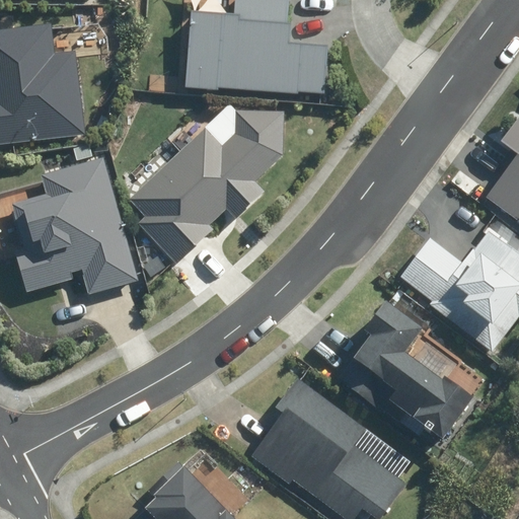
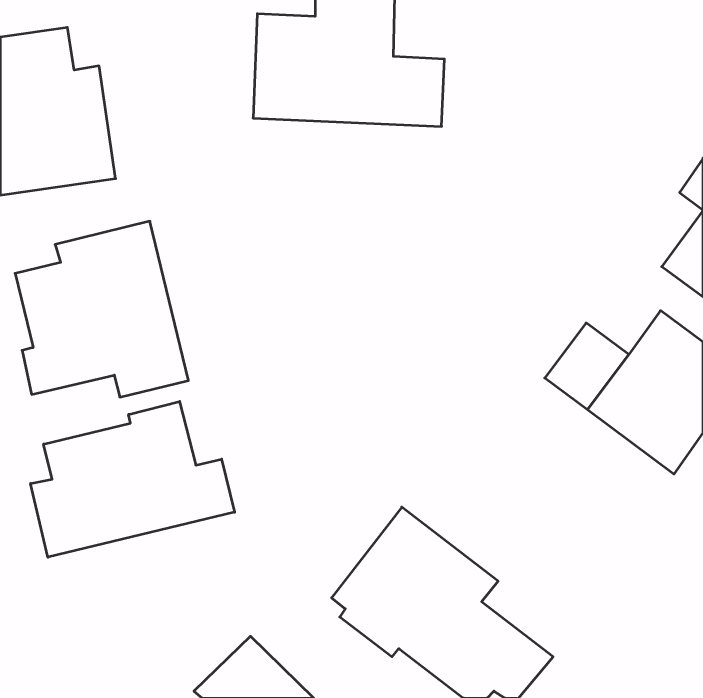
building: [126,101,286,267] -> none
building: none -> [31,401,235,557]
building: [340,301,471,443] -> none

